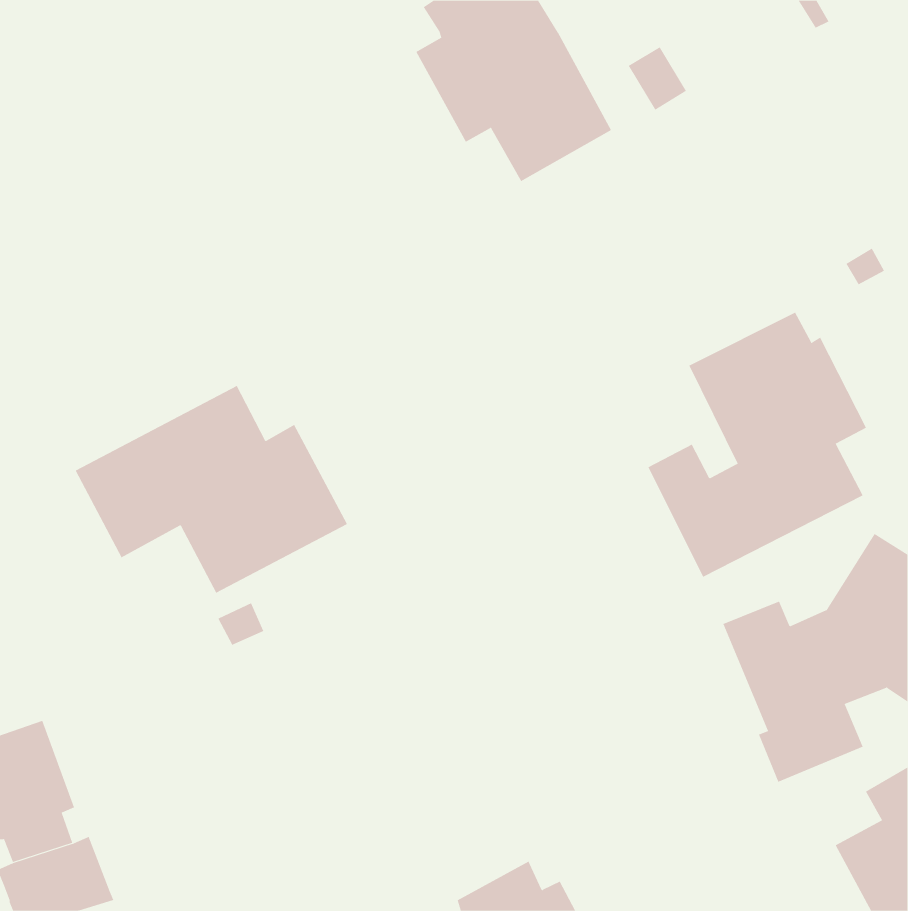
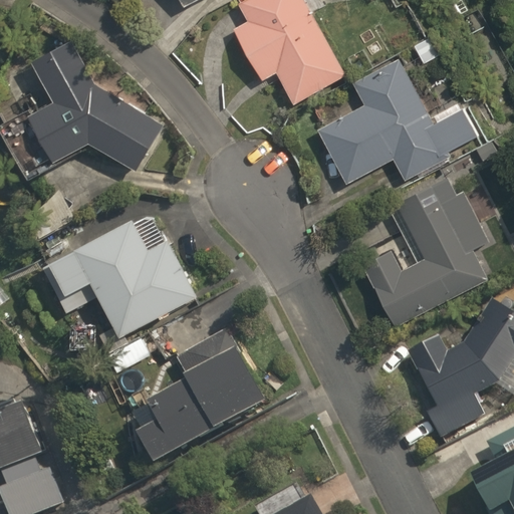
building: none -> [31,39,165,169]
building: none -> [317,58,478,183]
building: none -> [140,329,267,465]

